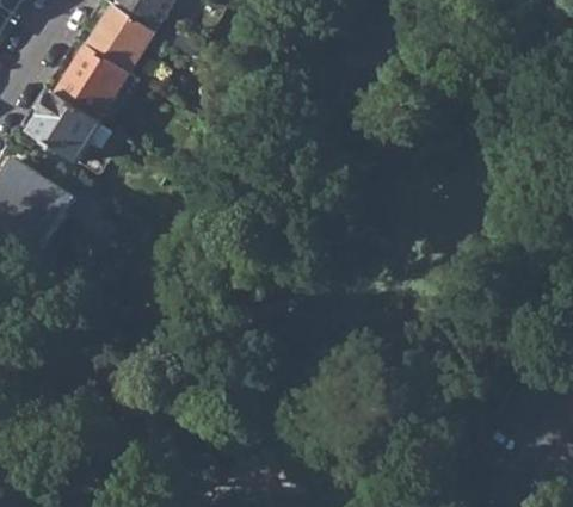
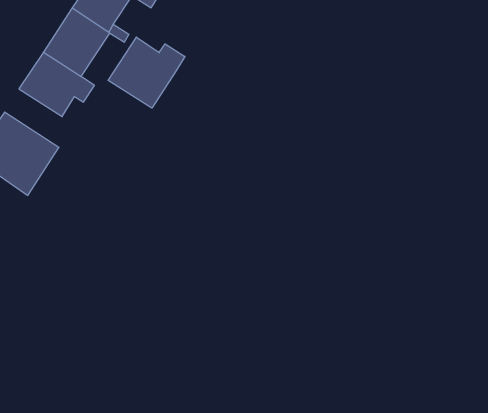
building: none -> [108,37,185,108]

